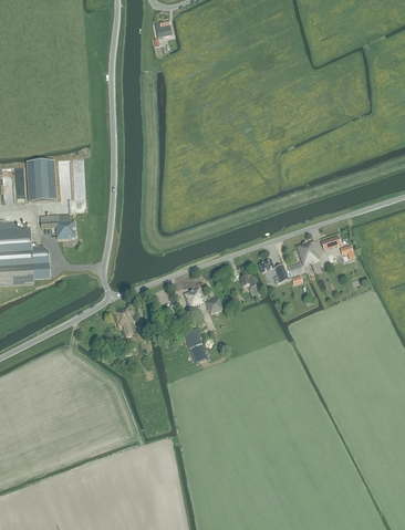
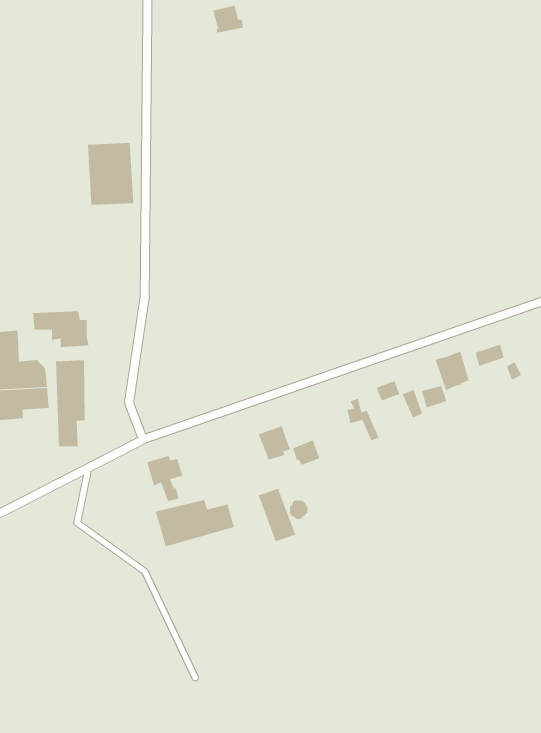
building: [25,160,55,200] -> [87,143,134,205]
building: none -> [55,360,85,447]
building: none -> [155,499,234,547]

